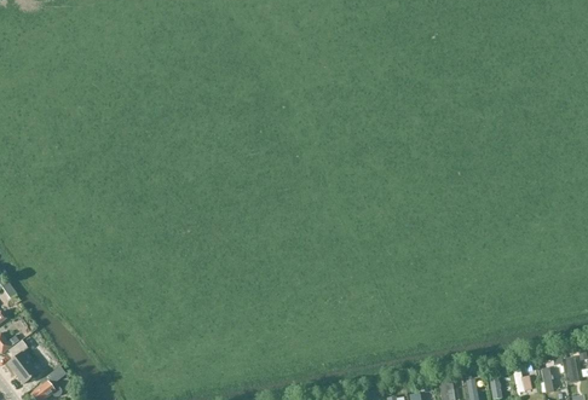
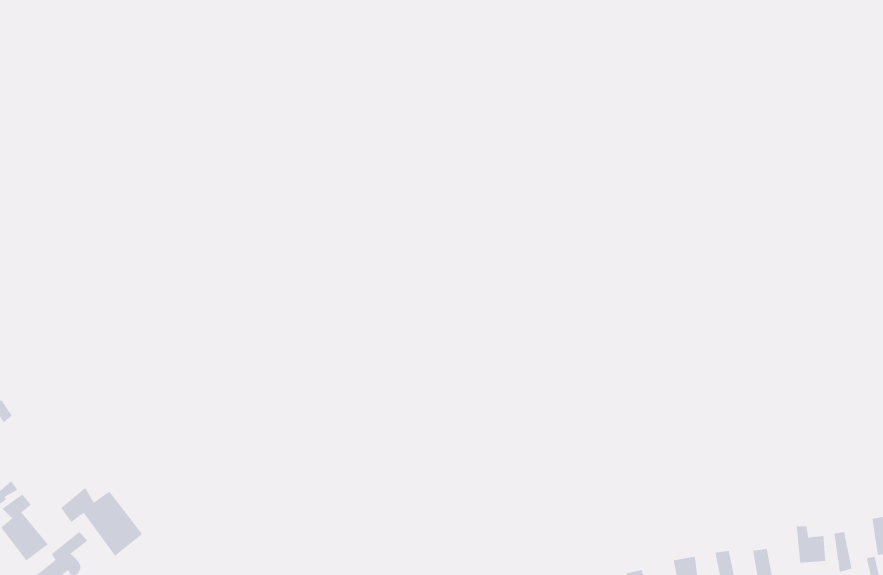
building: none -> [60,487,143,557]

